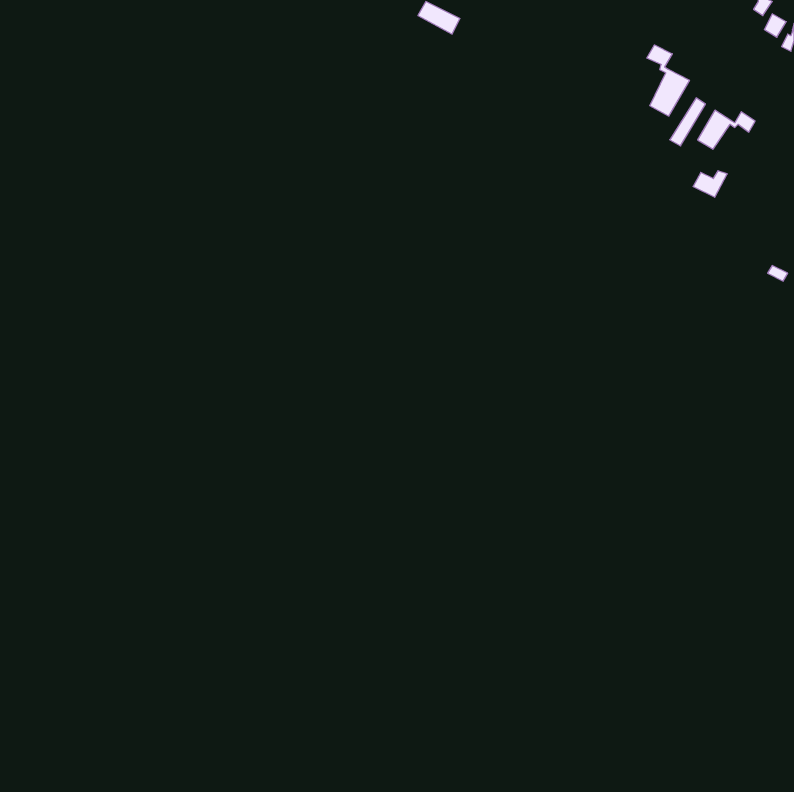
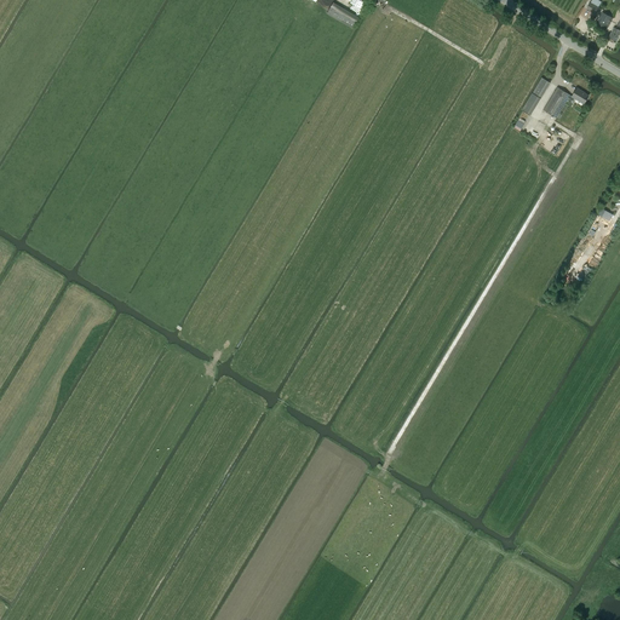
building: [647,45,689,116] -> none

